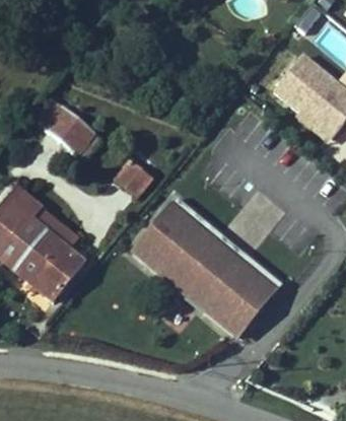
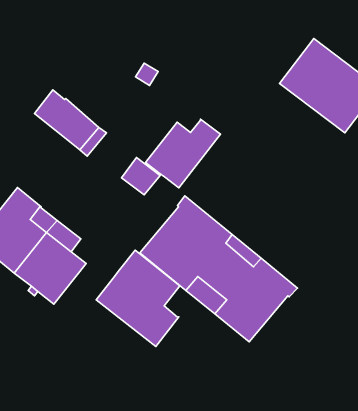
building: none -> [145,119,220,188]
building: none -> [96,250,180,347]

